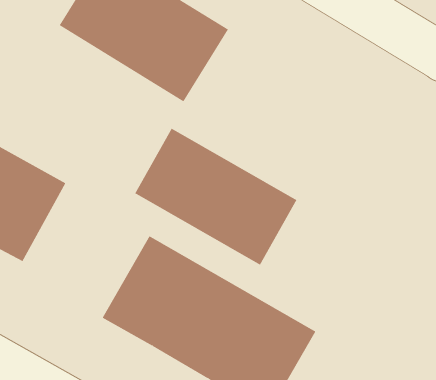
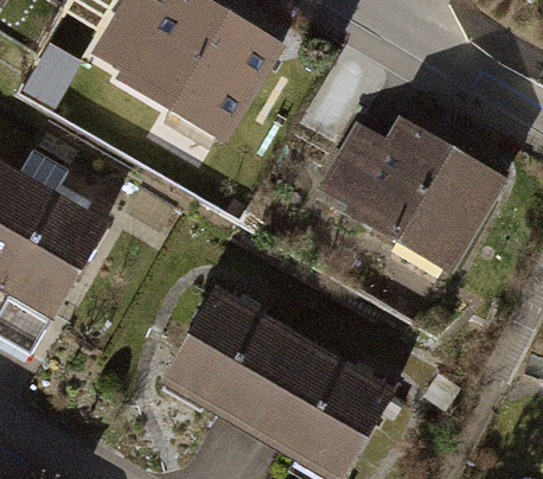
building: none -> [332,109,510,264]
building: [135,128,297,265] -> none

